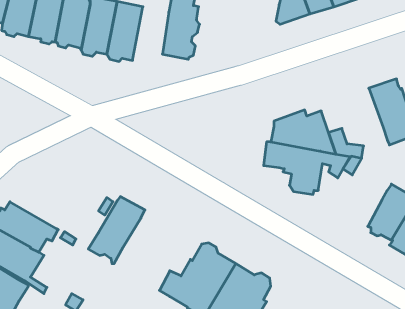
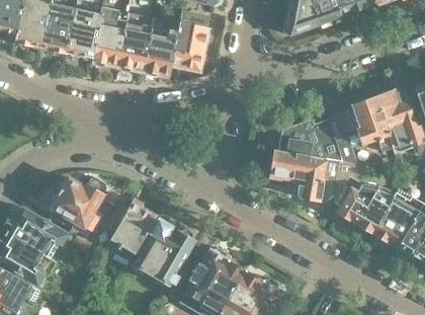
building: none -> [144,16,179,76]
building: none -> [341,96,394,151]
building: none -> [52,176,107,240]
building: none -> [339,185,394,232]
building: none -> [133,218,196,286]

